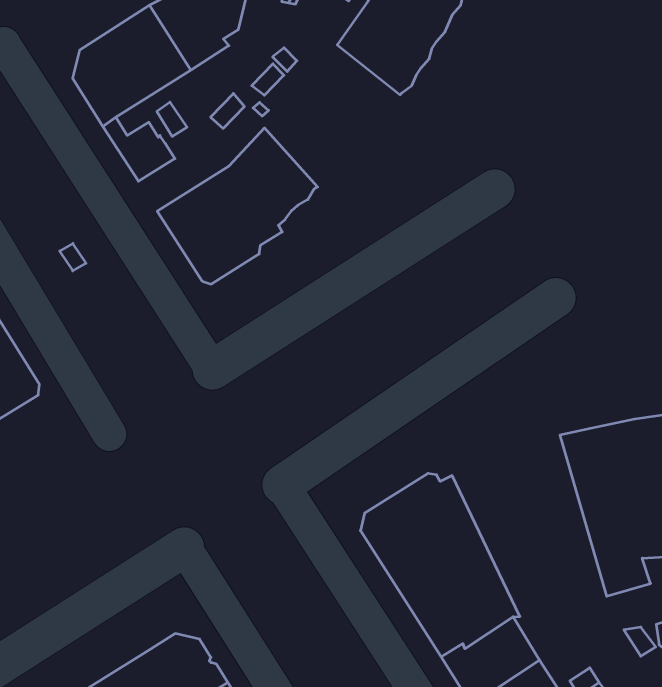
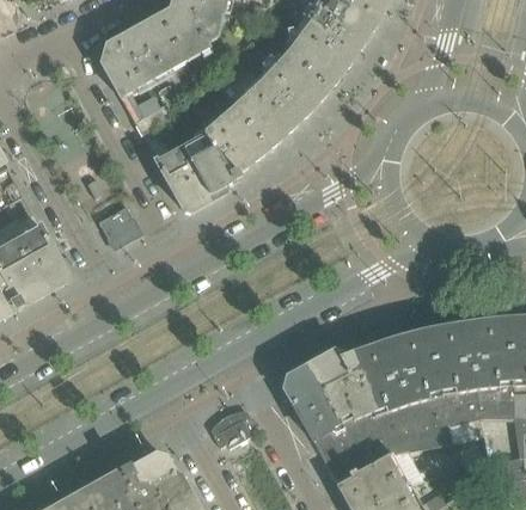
building: none -> [232,48,328,146]
building: none -> [97,203,140,244]
building: none -> [349,327,452,451]
building: none -> [212,412,255,444]

